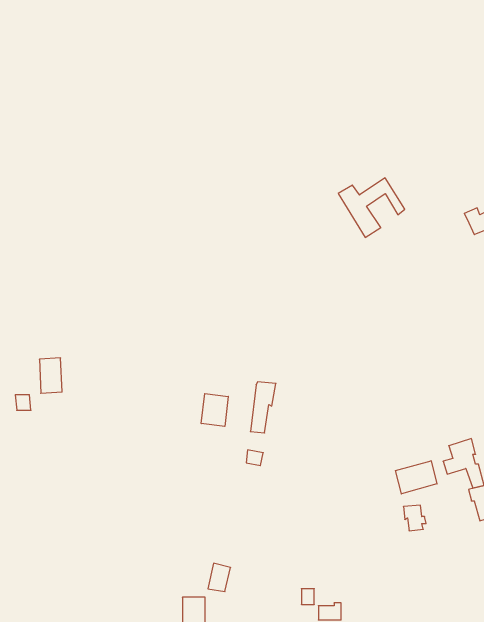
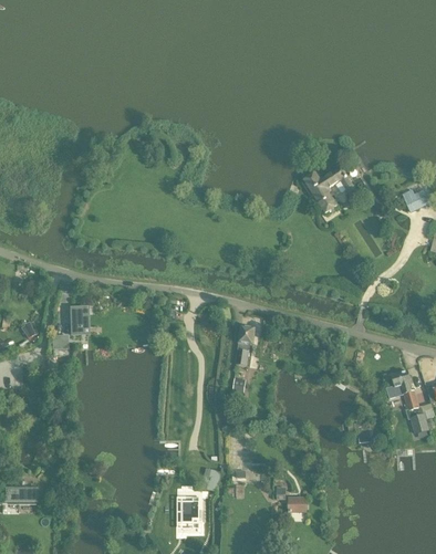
building: [201,394,228,426] -> none
building: [396,461,437,494] -> none

